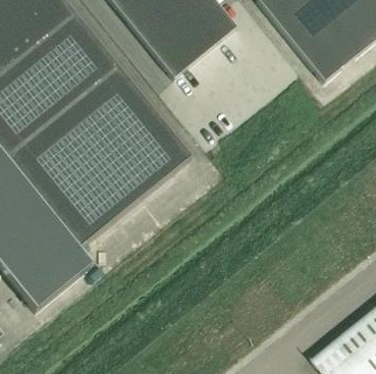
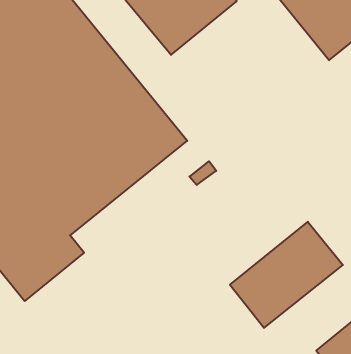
building: none -> [230,222,343,328]

